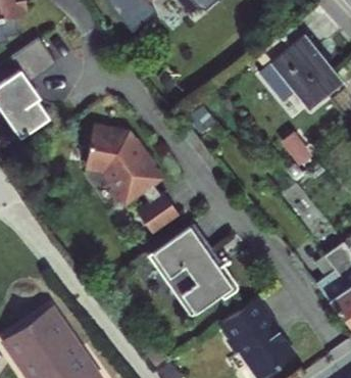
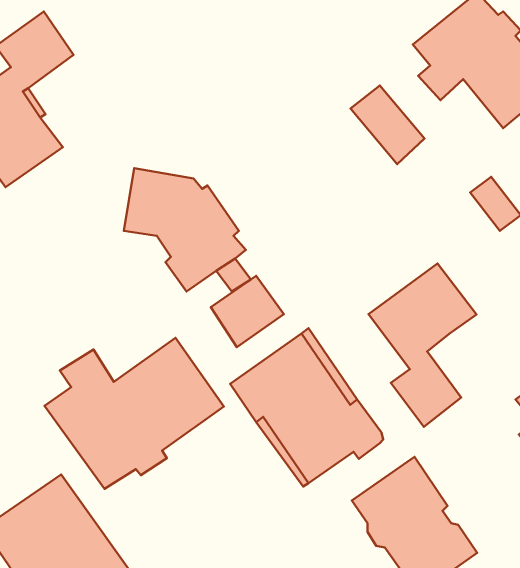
building: none -> [351,86,424,164]
building: none -> [369,263,477,427]
building: none -> [44,338,224,489]

